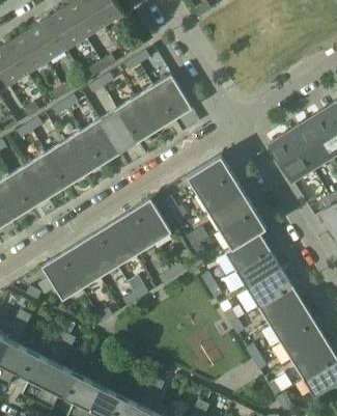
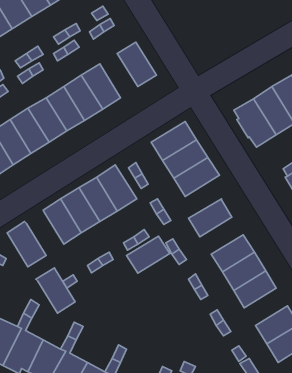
building: [135,86,173,131] -> none
building: [221,209,266,248] -> none
building: [59,244,99,289] -> [36,268,75,313]
building: [235,251,279,288] -> [127,236,170,273]
building: [280,323,324,360] -> none

